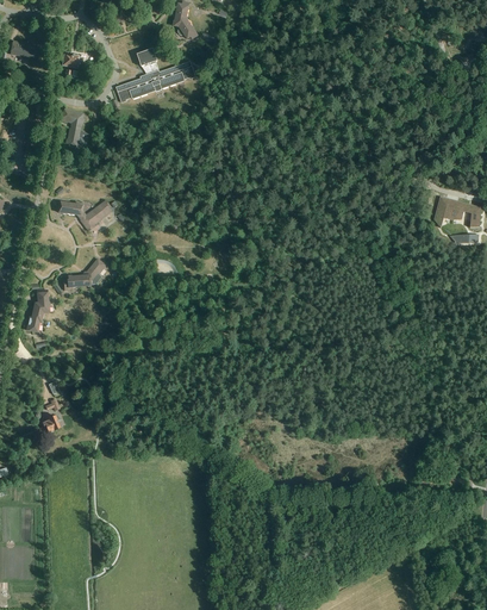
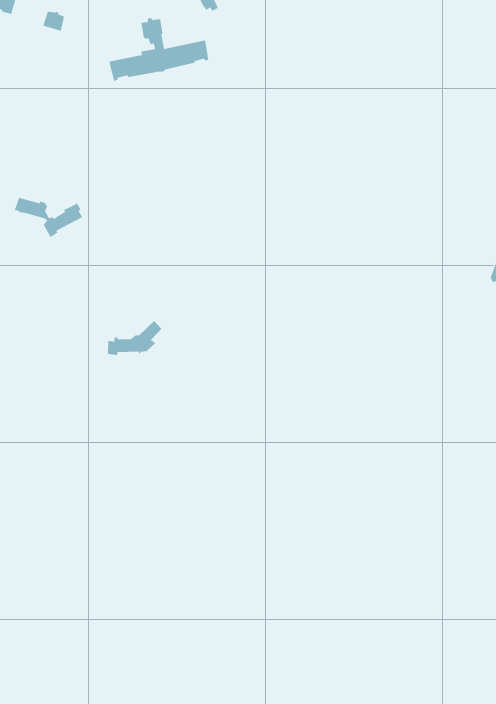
building: [62,108,87,145] -> none
building: [63,259,105,290] -> [107,320,162,355]

